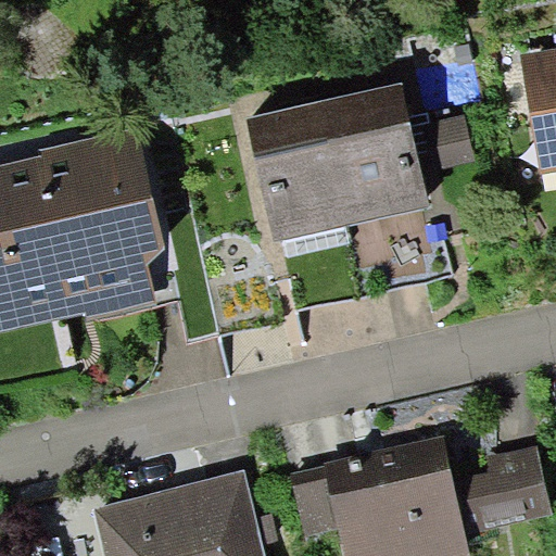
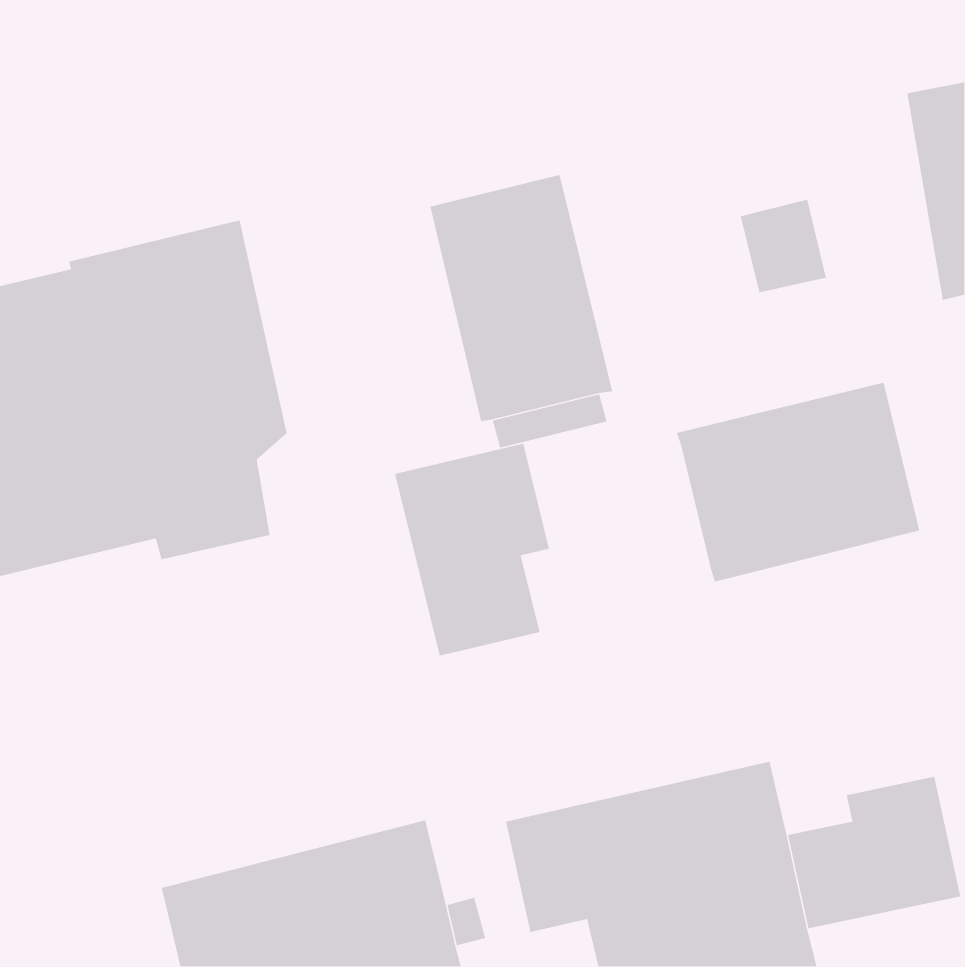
building: [321,81,431,225] -> none
building: none -> [676,382,920,583]
building: none -> [394,443,550,656]

